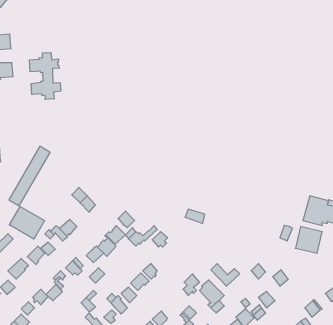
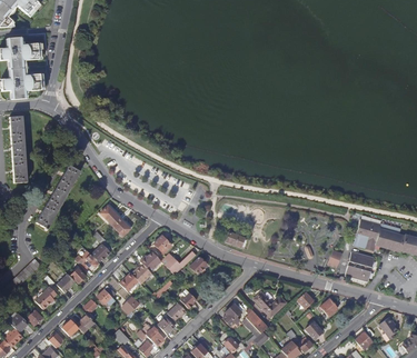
building: [29,52,61,99] -> none
building: [9,207,45,239] -> none

